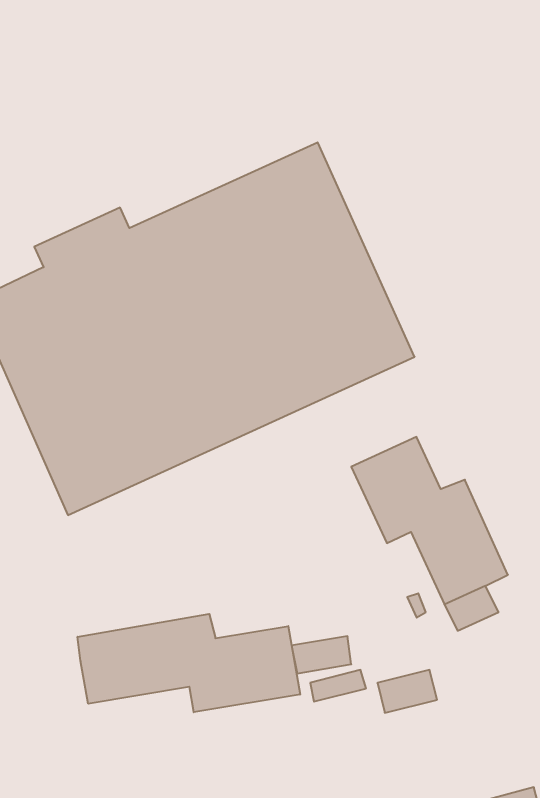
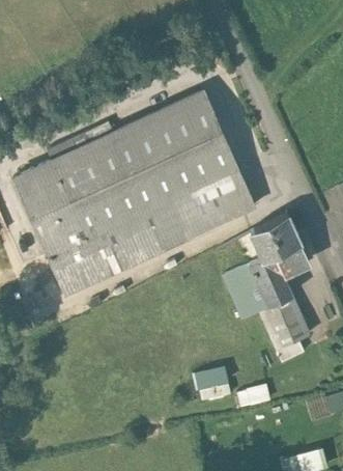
building: none -> [249,213,312,282]
building: [78,614,300,712] -> none

